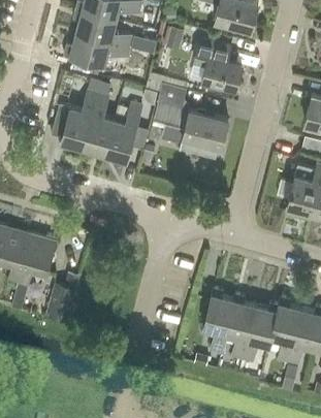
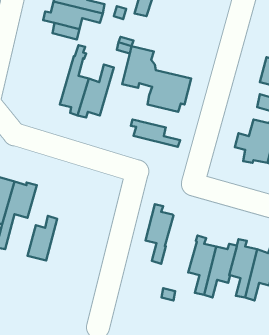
building: [194,39,243,90] -> none
building: [51,91,98,150] -> none
building: none -> [131,120,180,147]
building: [203,288,234,354] -> [145,204,173,264]

